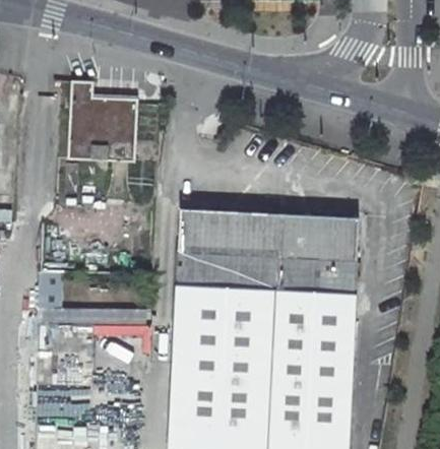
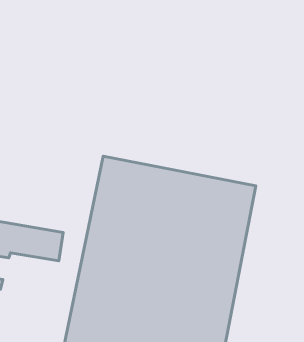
building: [66,78,135,161] -> none

